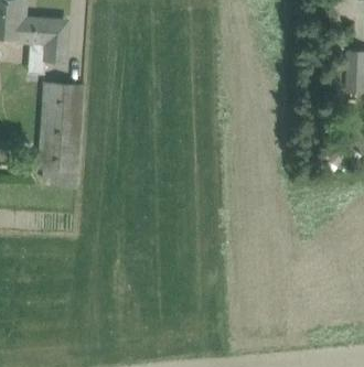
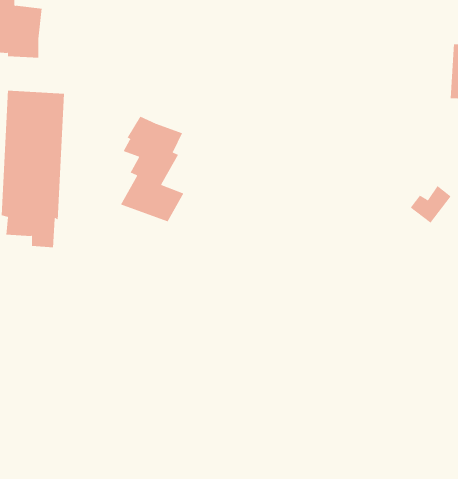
building: none -> [120,116,184,222]

